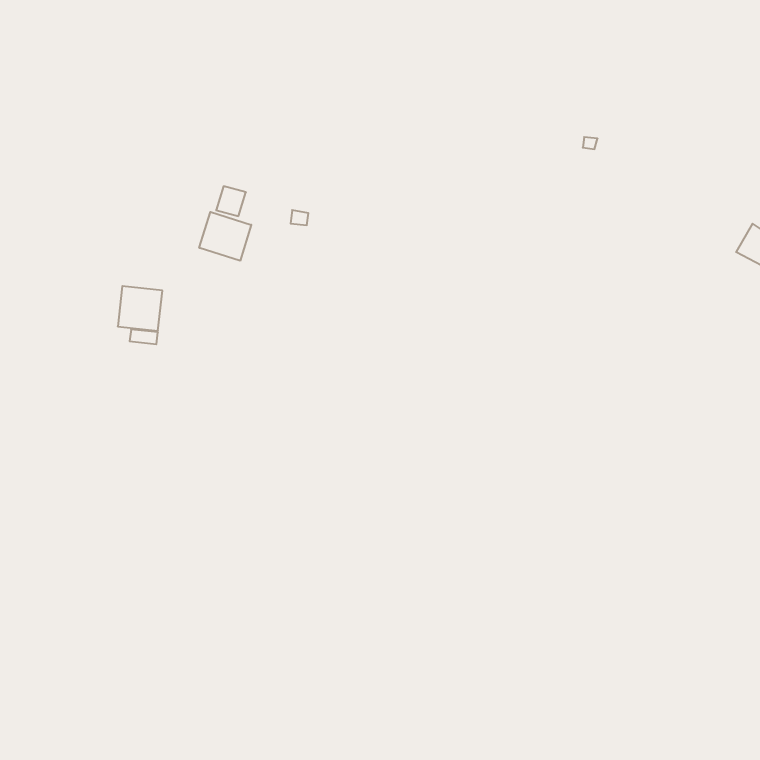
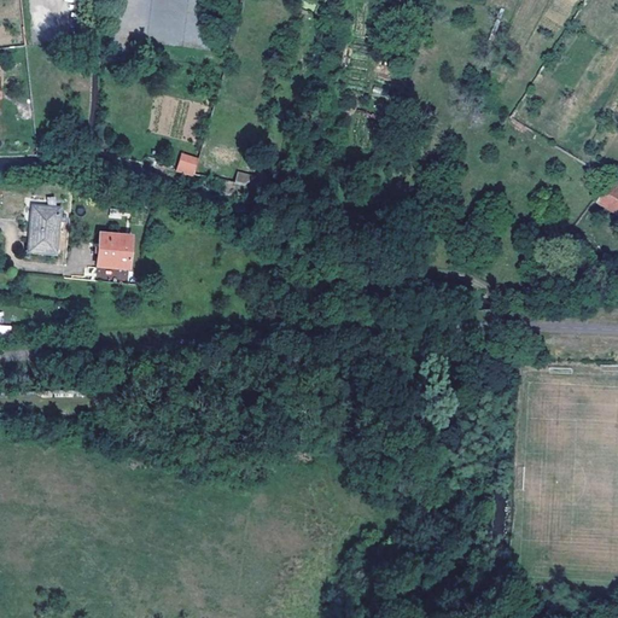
building: [199,212,251,261] -> none
building: none -> [29,205,60,253]

